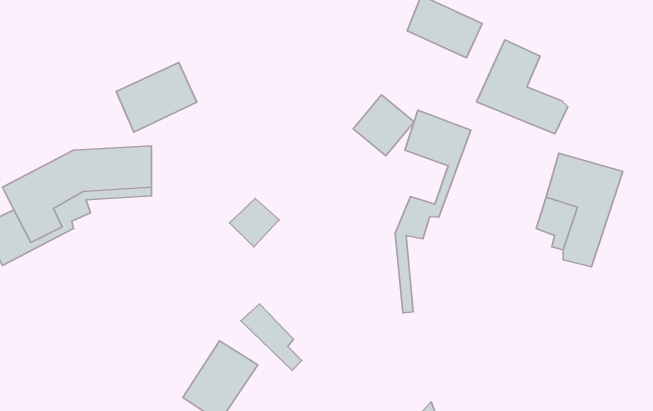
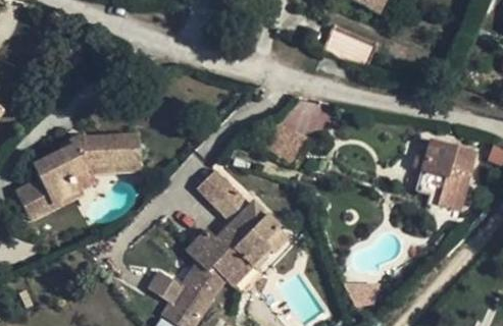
building: [477,40,568,134] -> none
building: [116,63,197,132] -> none
building: [395,110,471,313] -> none
building: none -> [217,199,288,265]

